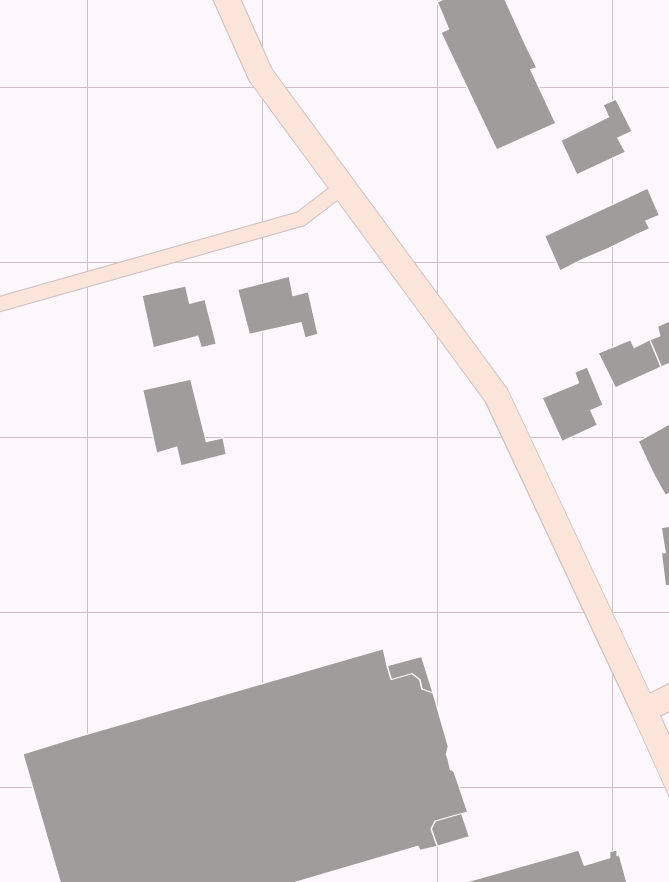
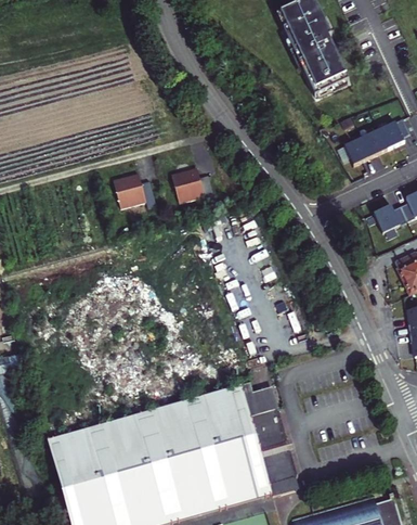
building: [561,99,632,175] -> none
building: [542,367,603,442] -> none
building: [143,379,226,466] -> none

